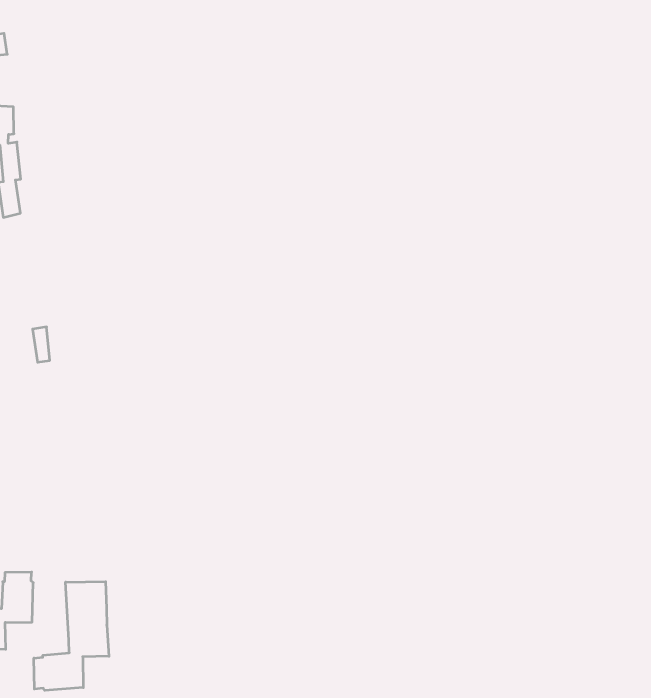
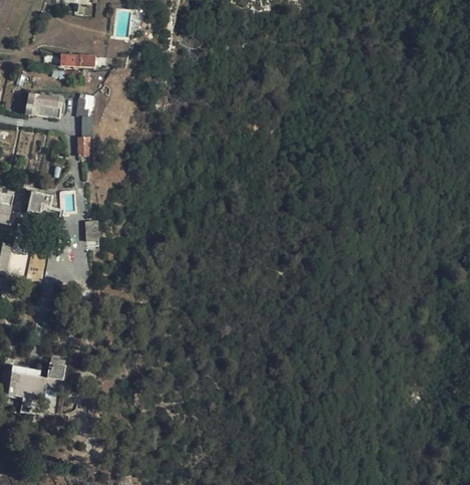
building: [34,582,109,690] -> none

